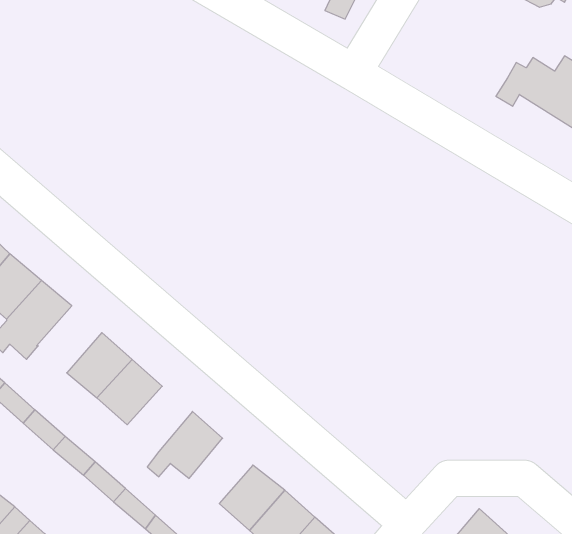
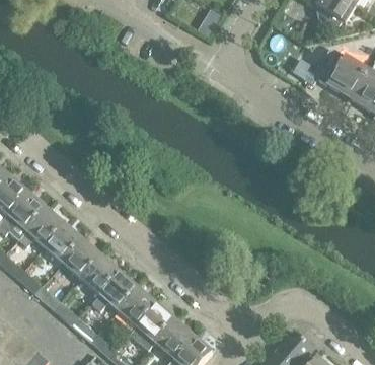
building: none -> [19,207,65,247]
building: none -> [80,255,120,295]
building: none -> [118,287,156,326]

